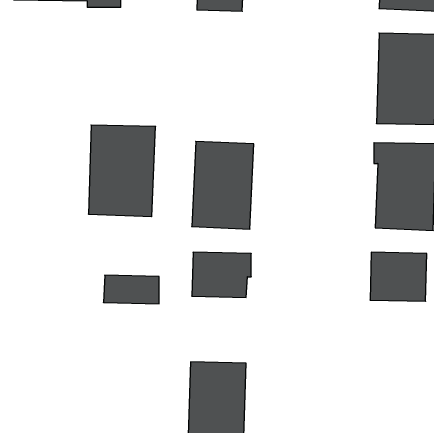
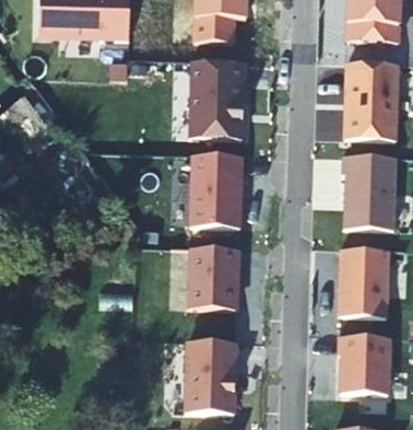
building: [88,125,156,217] -> [188,60,245,138]
building: [103,275,159,304] -> [188,283,235,307]
building: none -> [339,287,387,314]
building: none -> [339,335,389,393]

